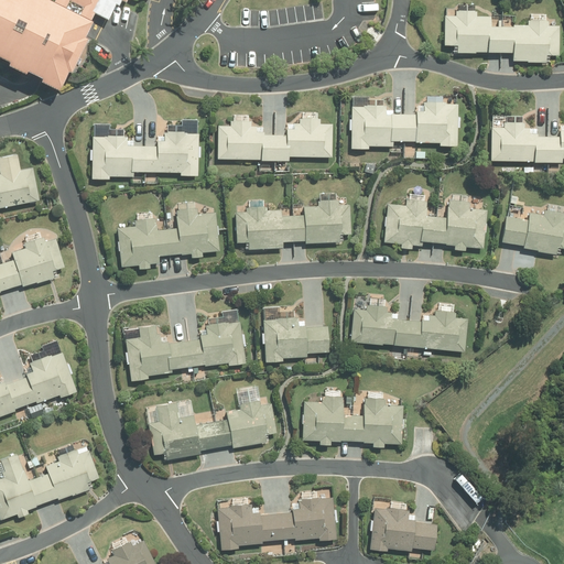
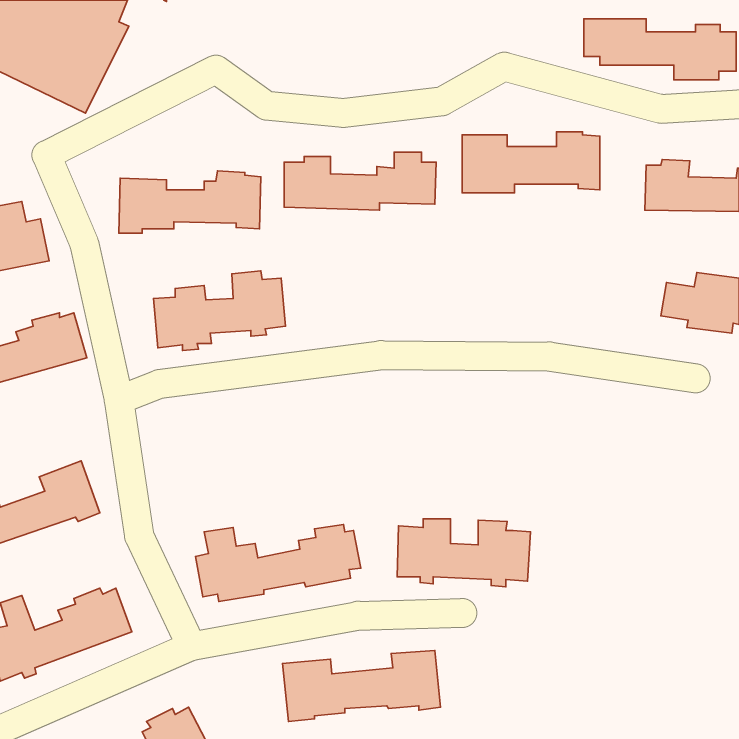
building: [383,198,485,250] -> none
building: [236,199,349,248] -> none
building: [350,304,468,351] -> none
building: [263,318,328,361] -> none
building: [126,321,245,380] -> none
building: [369,508,437,551] -> none

